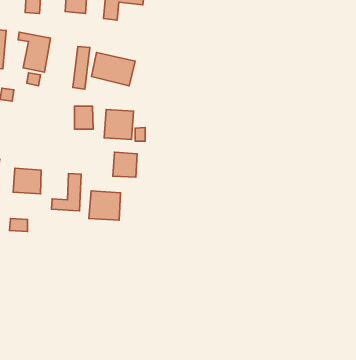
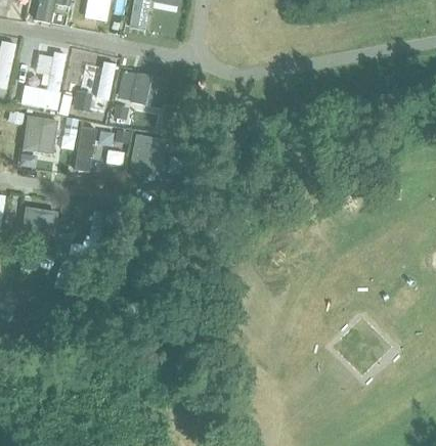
building: none -> [23,117,56,154]
building: none -> [75,127,93,169]
building: [113,152,137,177] -> none
building: [89,191,121,220] -> none

